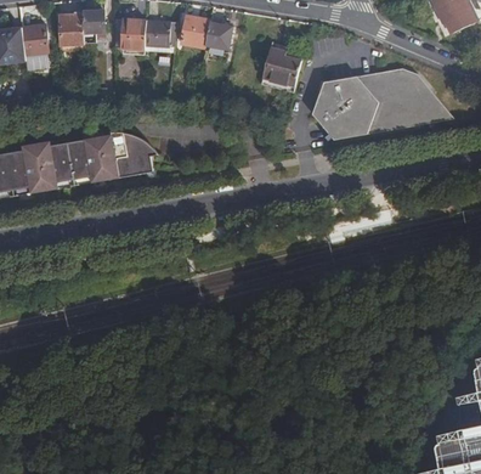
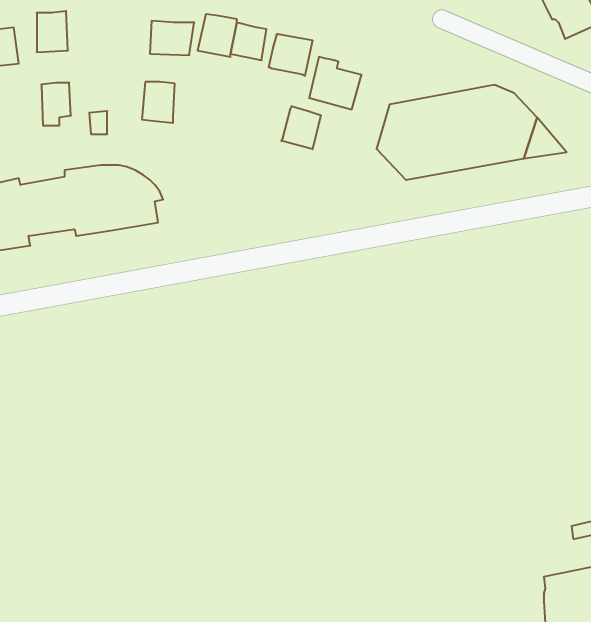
building: [83,12,104,44] -> [41,83,71,125]
building: [121,21,146,51] -> [142,82,175,123]
building: none -> [269,34,312,76]
building: none -> [281,106,321,149]

